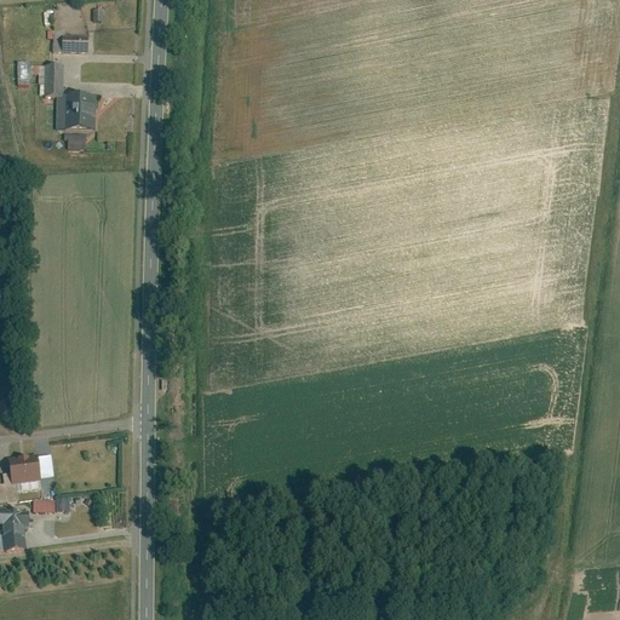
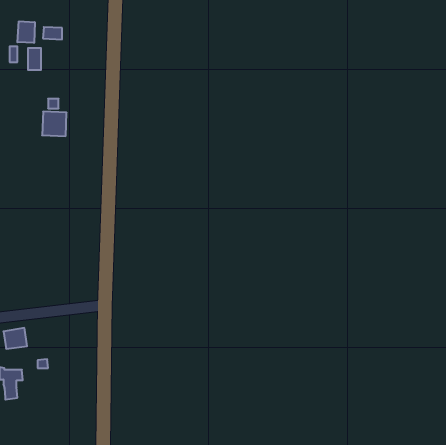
building: none -> [17,21,35,43]
building: [58,97,92,131] -> [42,112,67,136]

